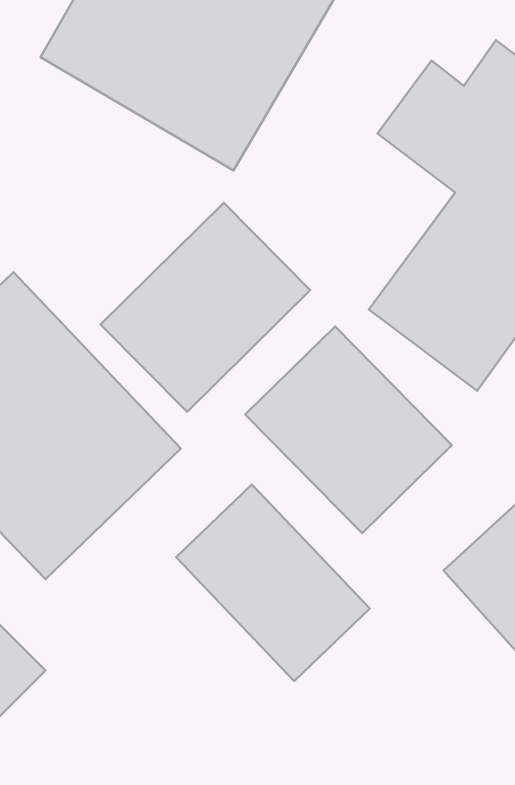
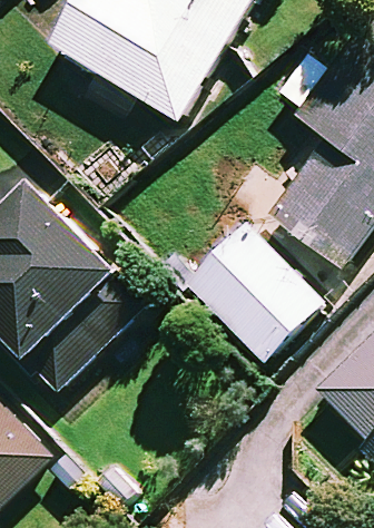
building: [101,203,310,412] -> none
building: [176,485,370,681] -> none

